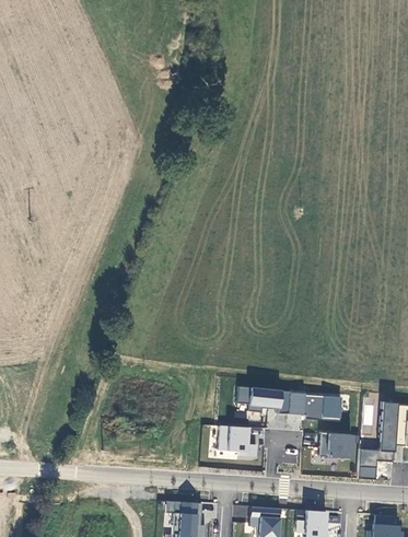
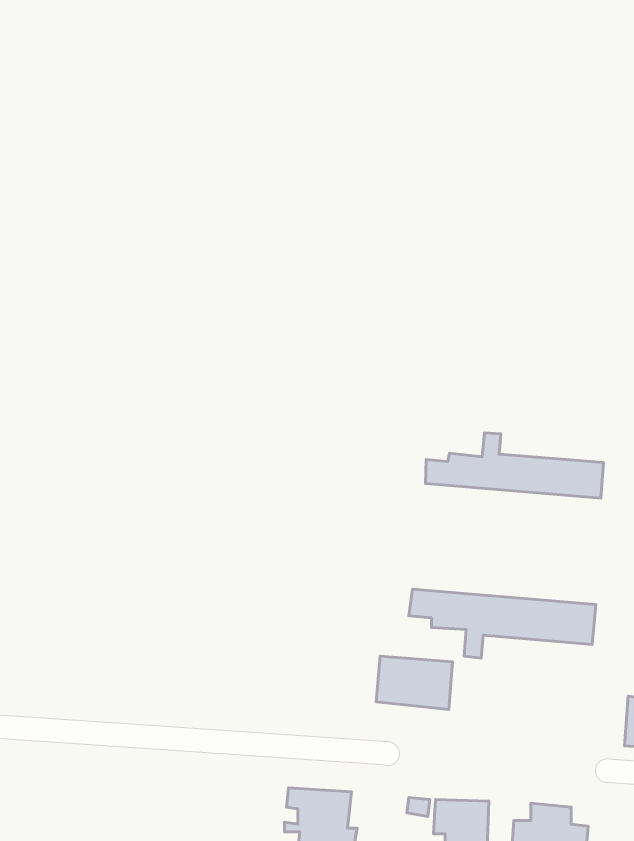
building: none -> [426,433,603,498]
building: [318,432,358,459] -> none

